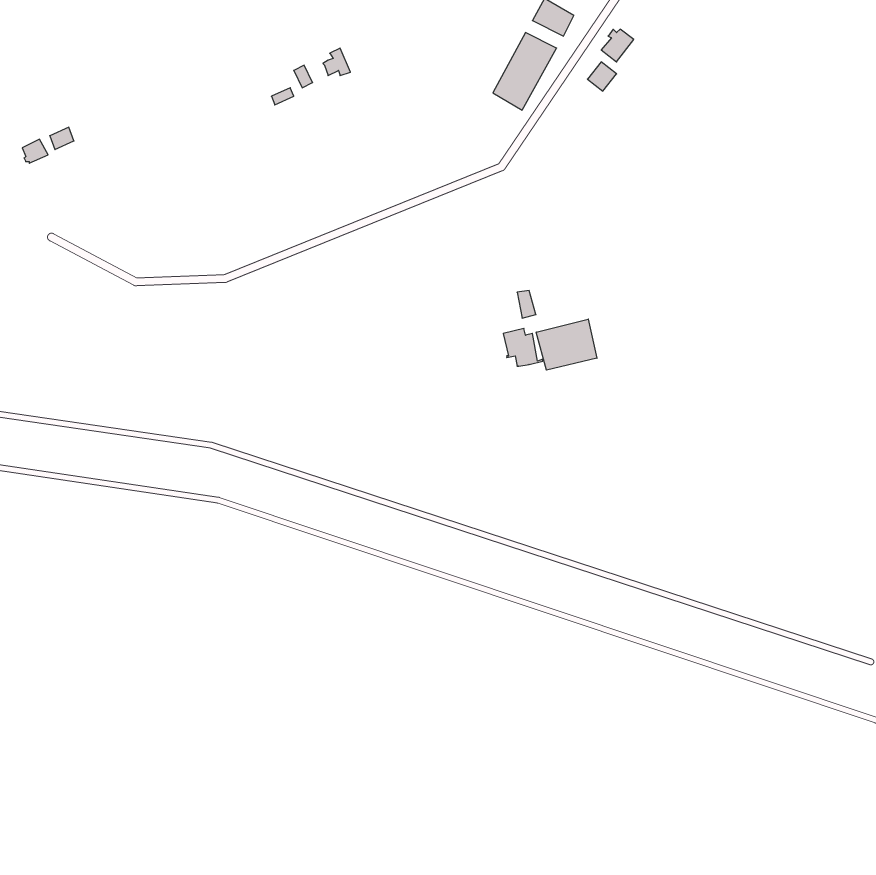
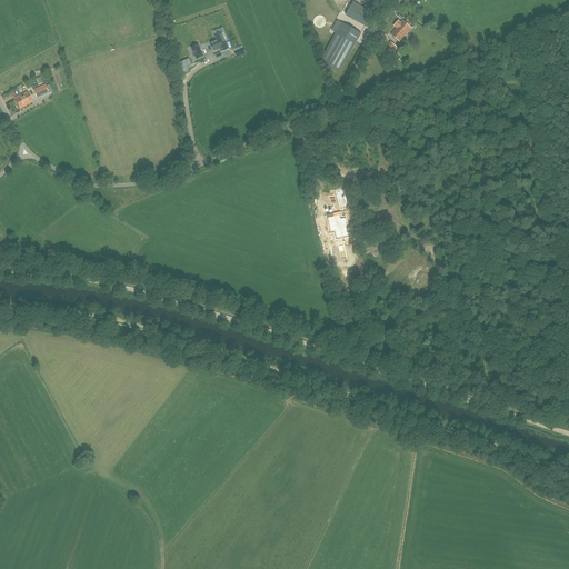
building: [536,319,597,370] -> none

